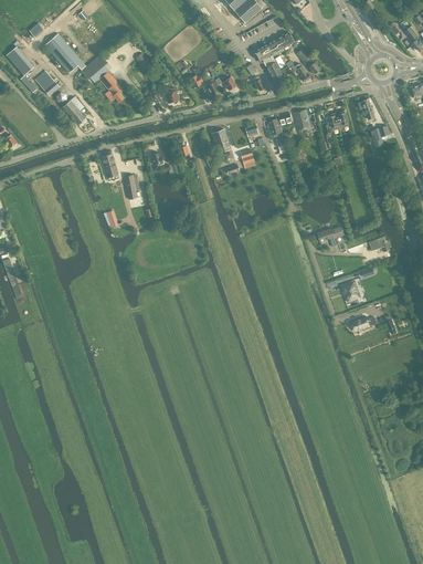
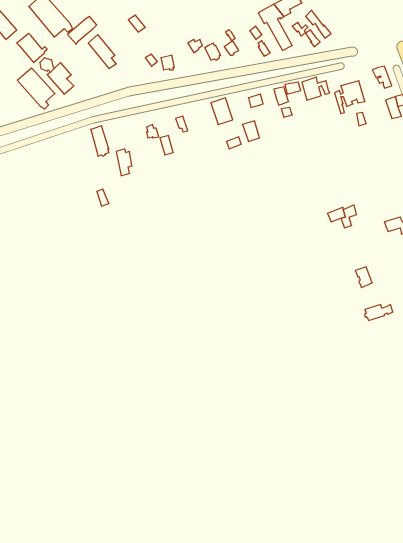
building: none -> [17,68,55,109]

